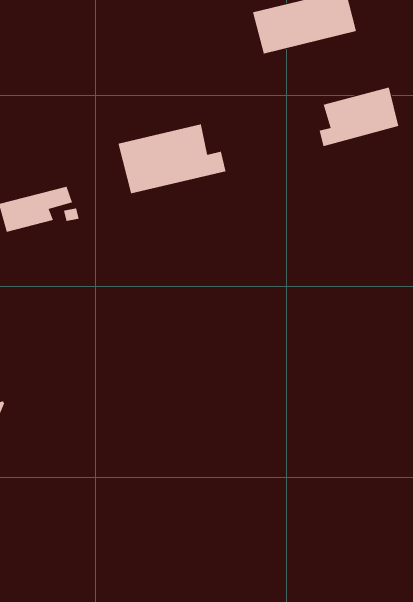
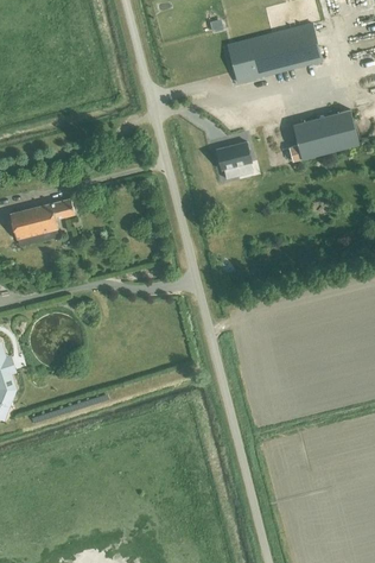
building: none -> [214,140,249,178]
building: [118,124,226,194] -> none

